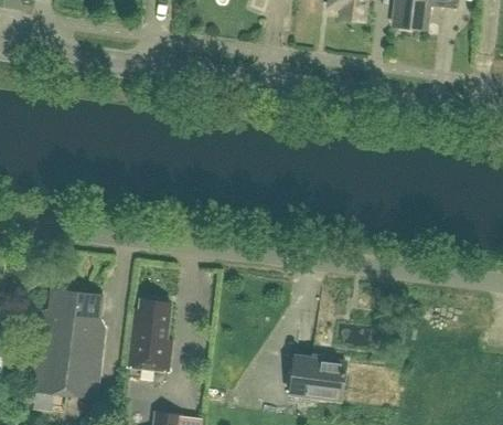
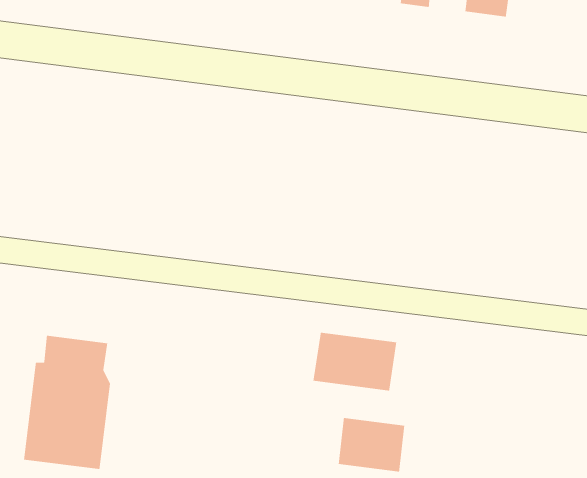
building: none -> [313,332,397,391]
building: [126,300,172,371] -> none

